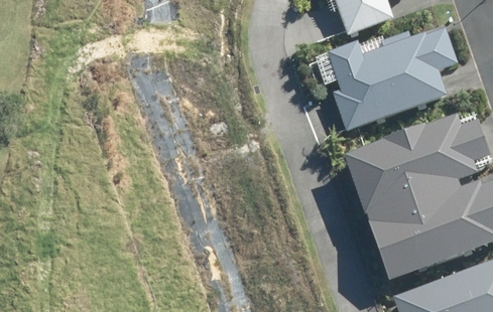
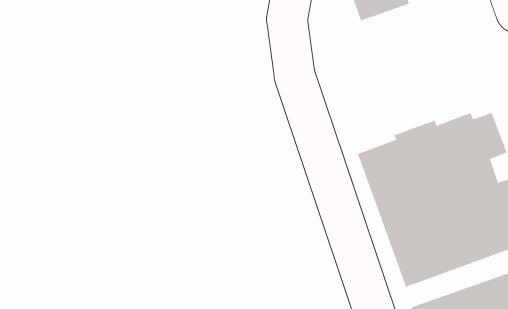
building: [315,26,457,129] -> none

